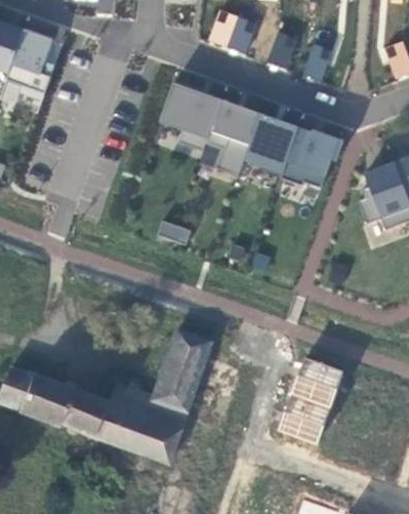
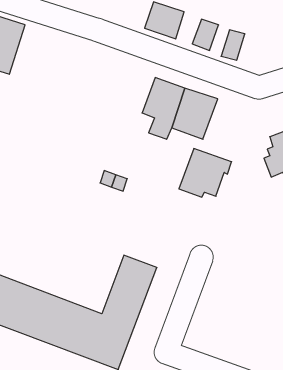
building: [158,84,220,154] -> none
building: [280,128,345,189] -> [179,149,232,197]
building: [277,354,340,444] -> none

